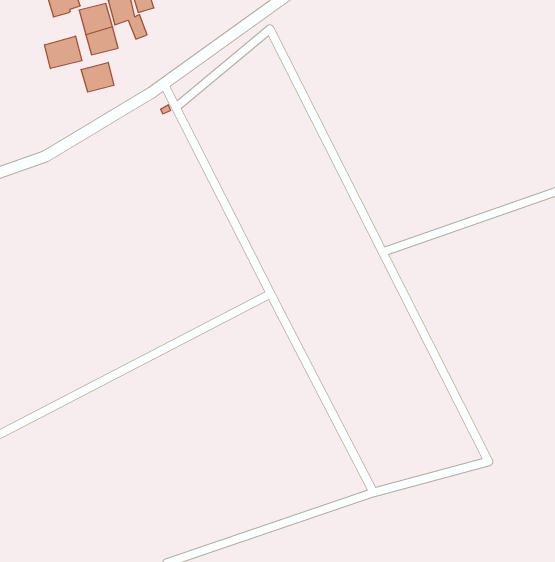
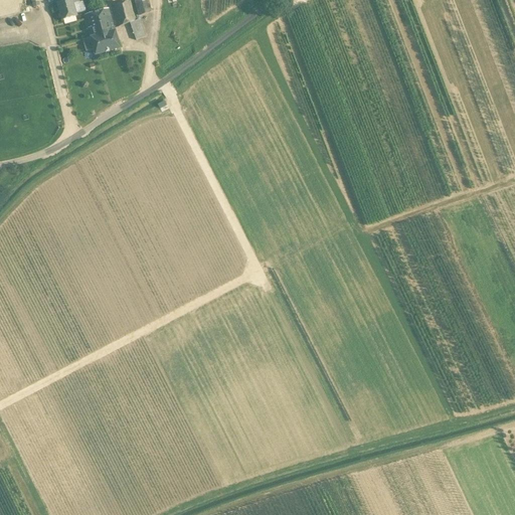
building: [45,36,82,69] -> none
building: [81,62,114,92] -> none

